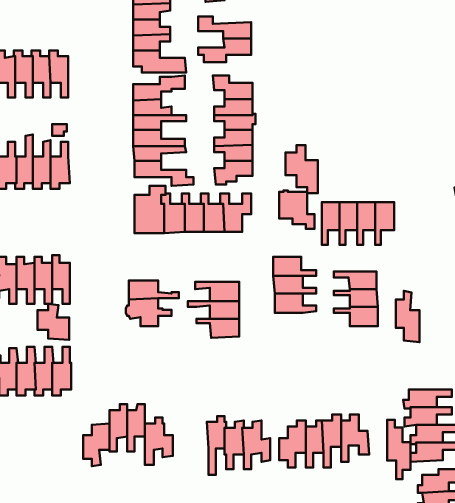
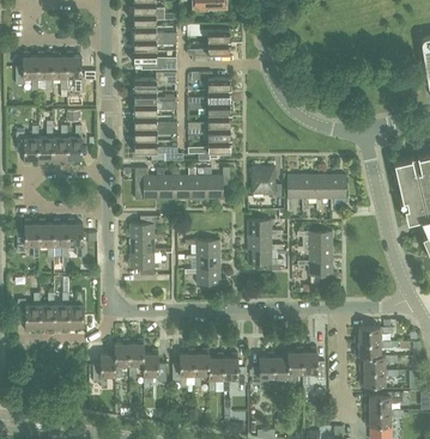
building: [286,145,318,193] -> none
building: none -> [131,217,165,238]
building: [396,291,419,342] -> none
building: [37,304,69,340] -> none
building: none -> [172,348,195,388]
building: [387,420,410,479] -> none

